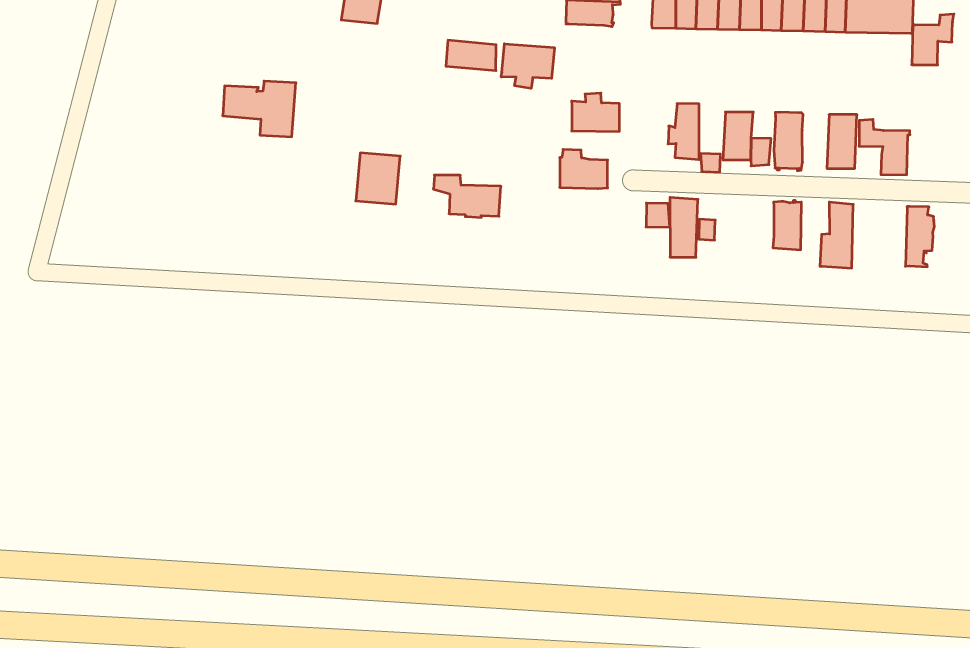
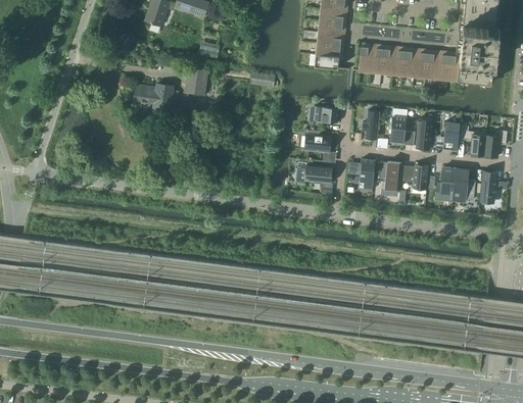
building: [912,14,954,65] -> [483,132,507,157]
building: [501,44,554,88] -> none
building: [356,153,400,204] -> [184,68,208,96]
building: [433,175,501,217] -> [297,160,332,184]
building: none -> [384,162,401,191]
building: none -> [451,169,475,203]

